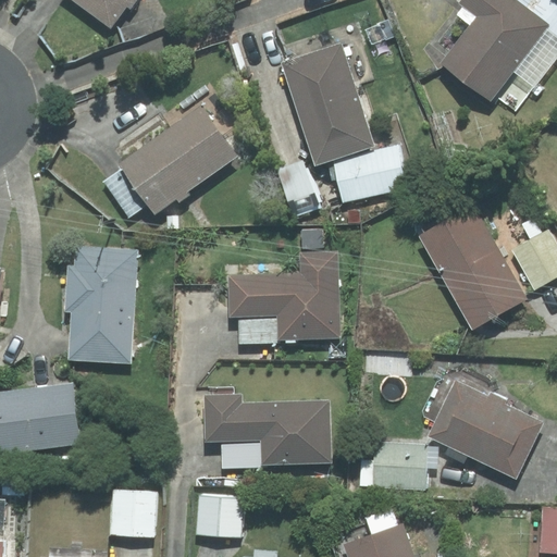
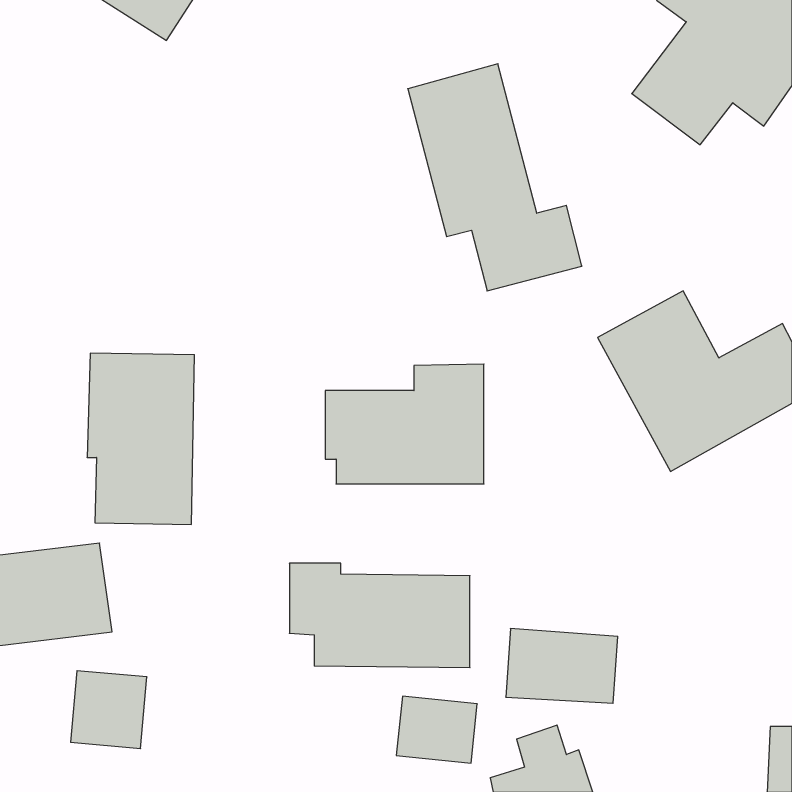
building: [100,108,236,219] -> none
building: [428,380,542,479] -> none
building: [108,484,161,539] -> [71,671,147,749]
building: [191,490,248,536] -> [396,696,477,763]

